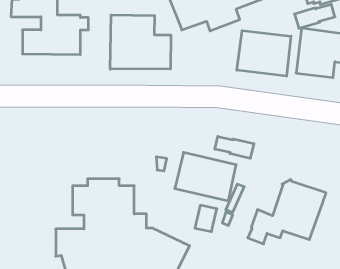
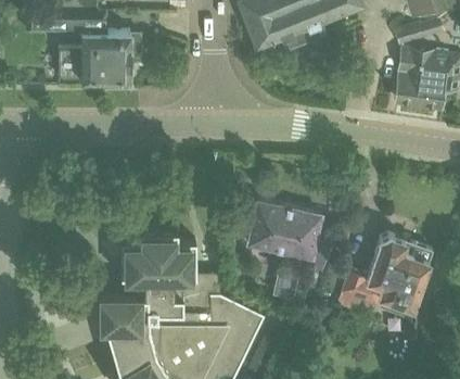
building: [110,15,171,69] -> none
building: [237,31,291,76] -> none
building: [215,136,254,158] -> none

